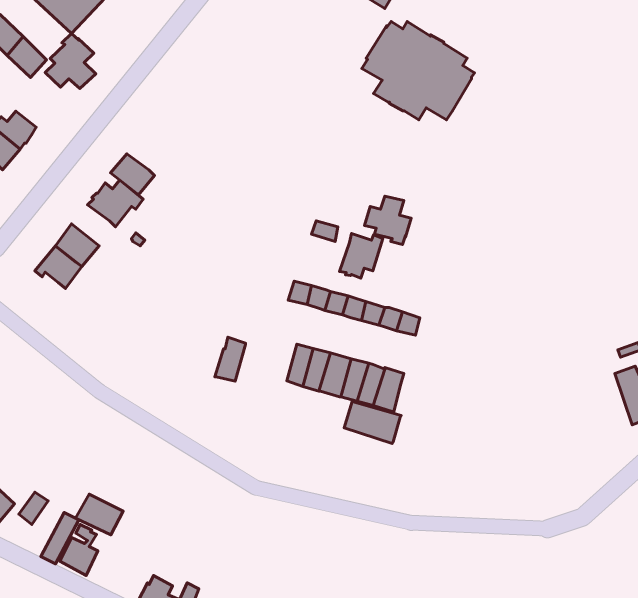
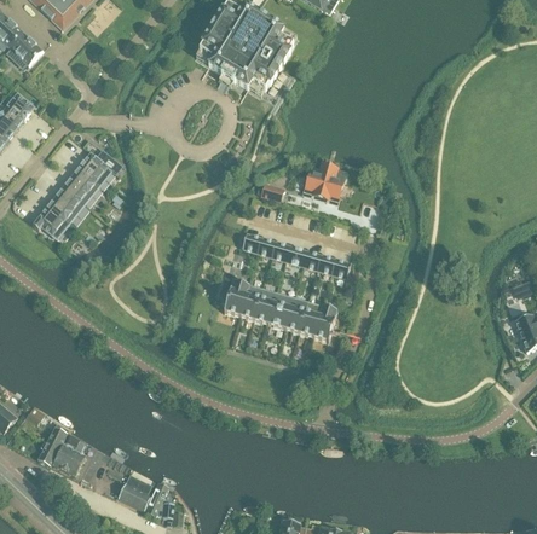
building: [362,22,474,120] -> [200,8,293,89]
building: [45,33,96,89] -> none
building: [111,154,155,195] -> [63,172,99,205]
building: [339,234,383,278] -> none
building: [215,337,246,381] -> [224,280,249,317]
building: [344,402,401,444] -> none
building: [75,494,123,535] -> none

